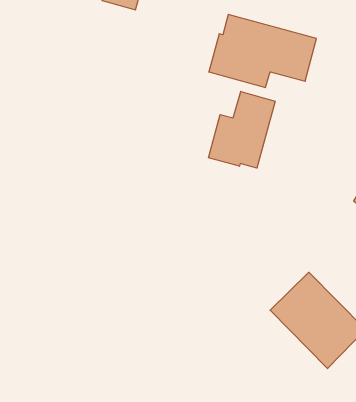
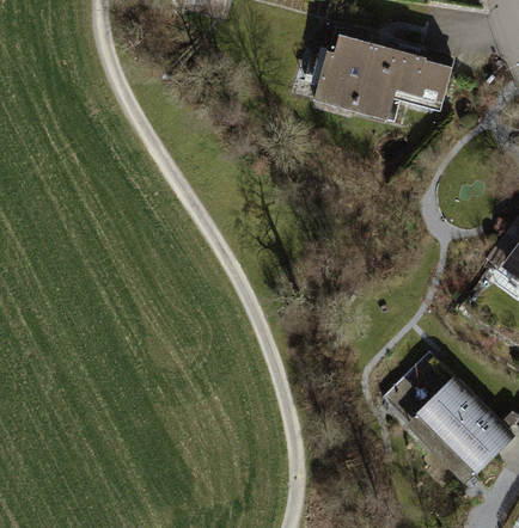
building: [209,91,275,168] -> none

